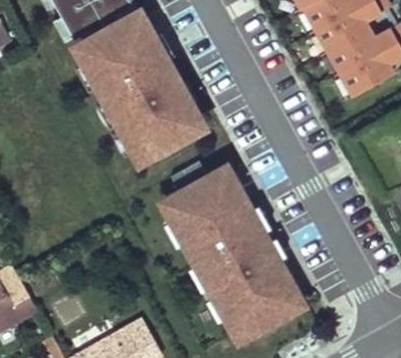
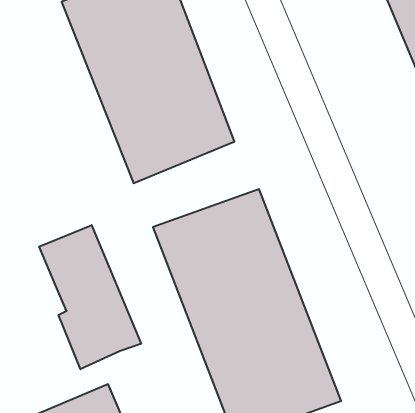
building: none -> [39,225,141,369]

